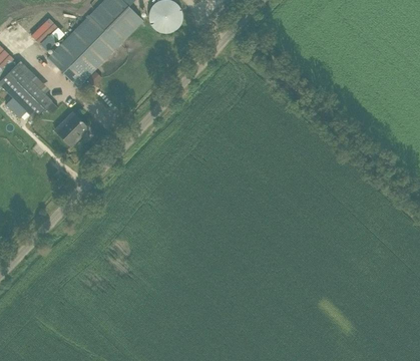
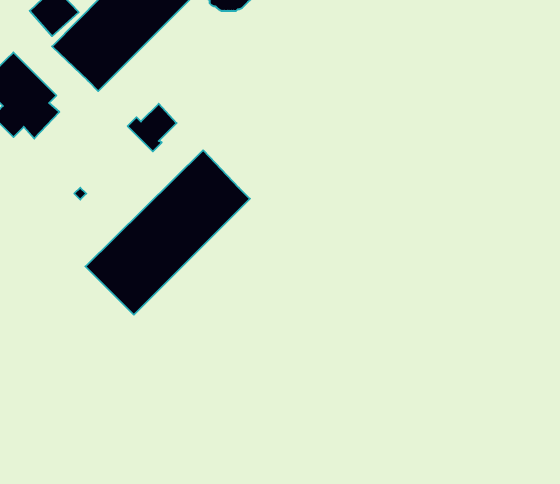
building: [55,114,88,146] -> [128,104,177,151]
building: none -> [85,150,250,315]

